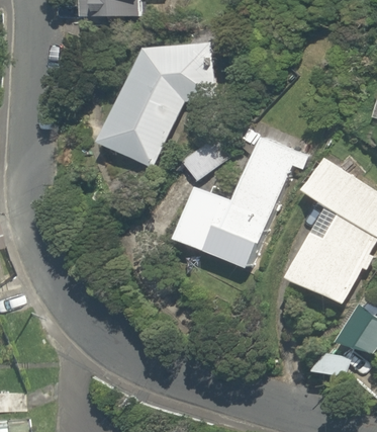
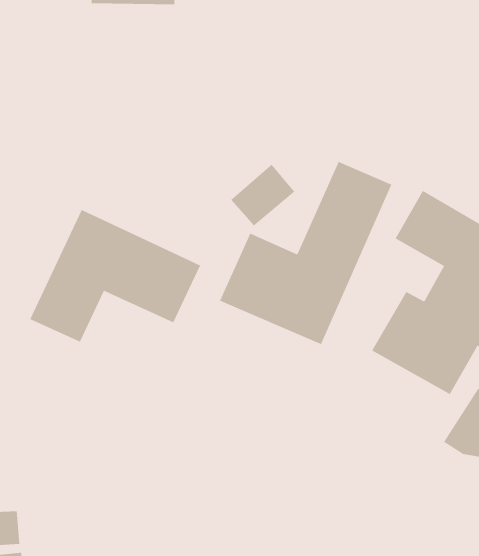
building: [100,41,225,170] -> none
building: none -> [29,209,201,343]

